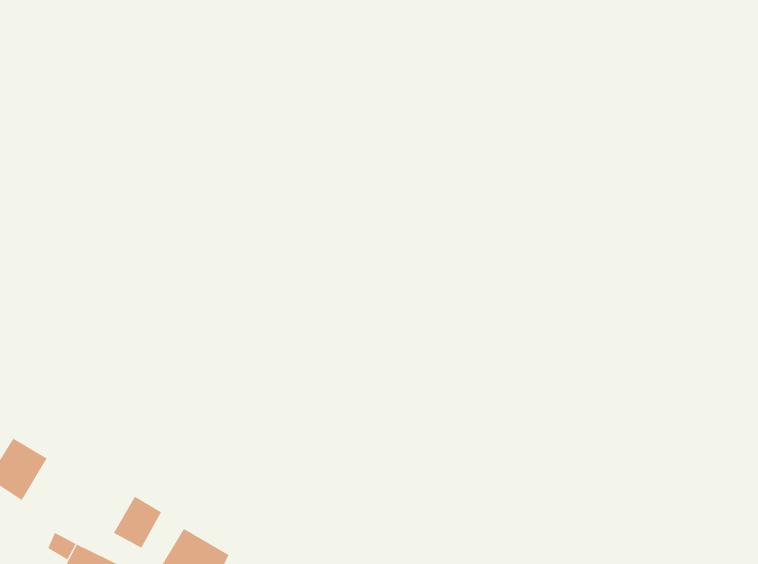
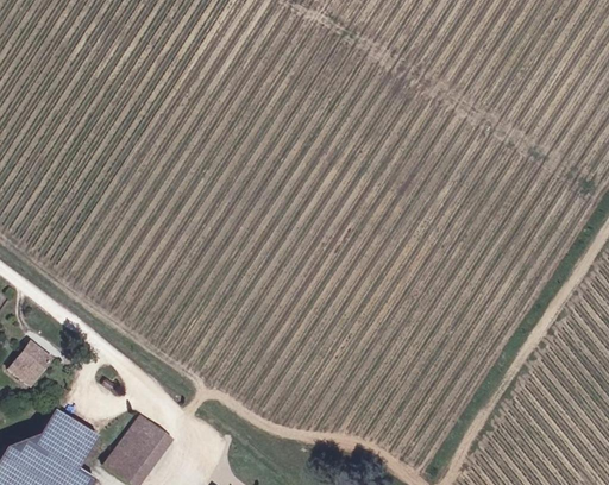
building: [113,496,162,548] -> none

